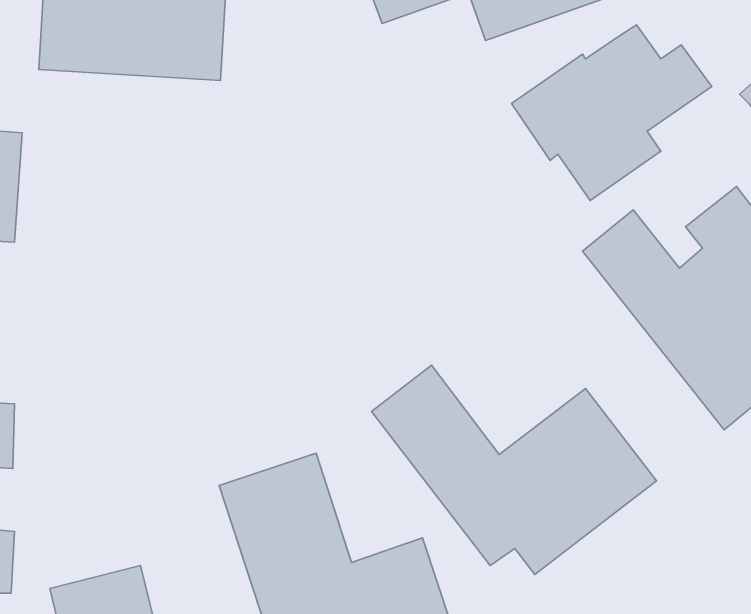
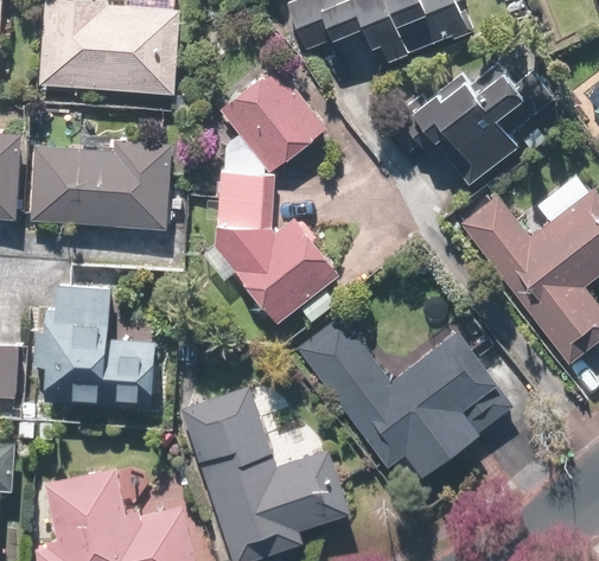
building: none -> [199,57,342,326]
building: none -> [32,138,176,227]
building: none -> [33,286,159,409]

